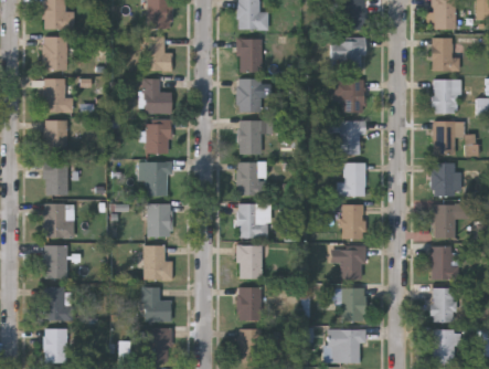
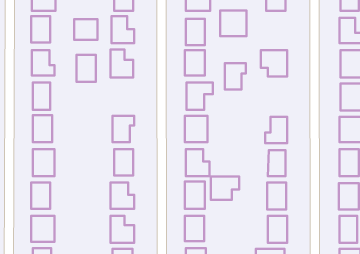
building: [331,38,364,70] -> [220,11,246,36]
building: none -> [74,19,98,40]
building: [147,120,171,155] -> [77,55,96,82]
building: [339,120,365,154] -> [225,63,246,89]
building: none -> [211,176,239,200]

